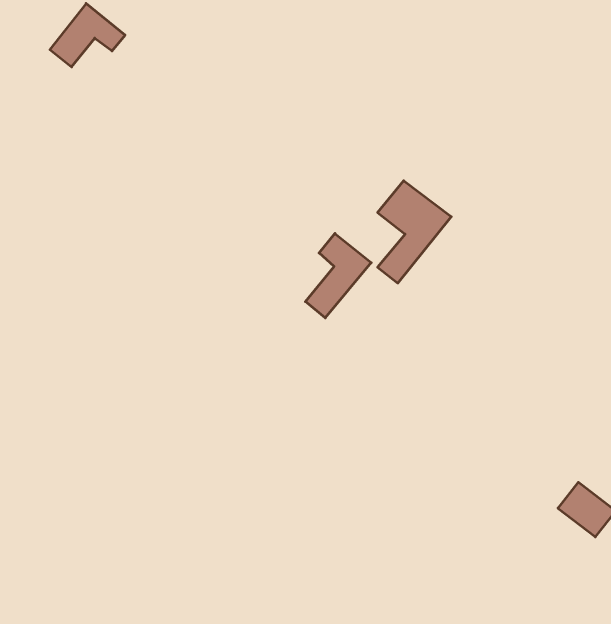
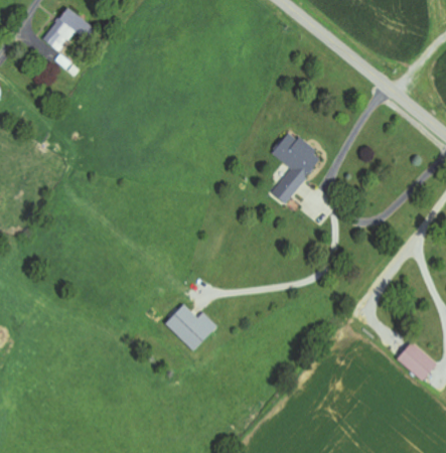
building: [305,233,371,318] -> none
building: none -> [164,303,217,350]

